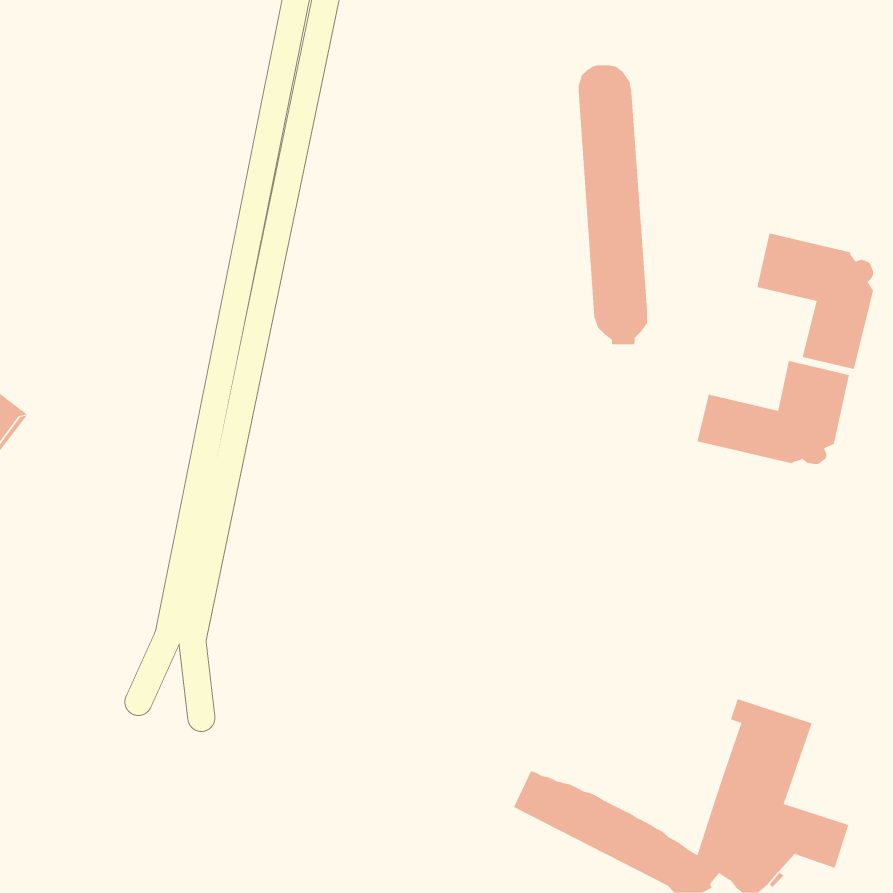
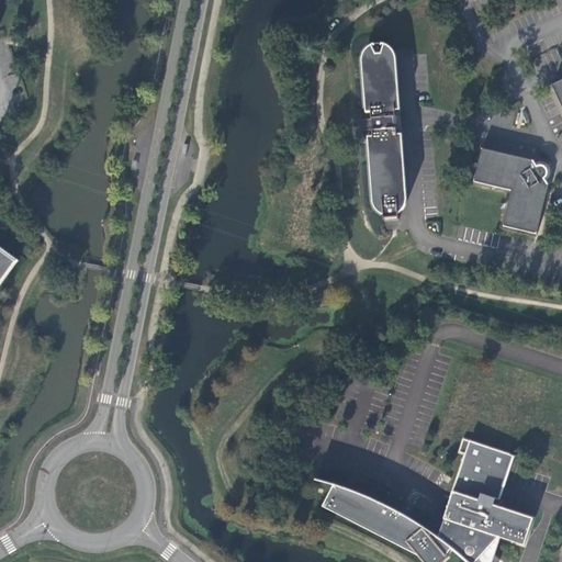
building: [697,360,850,465] -> none

